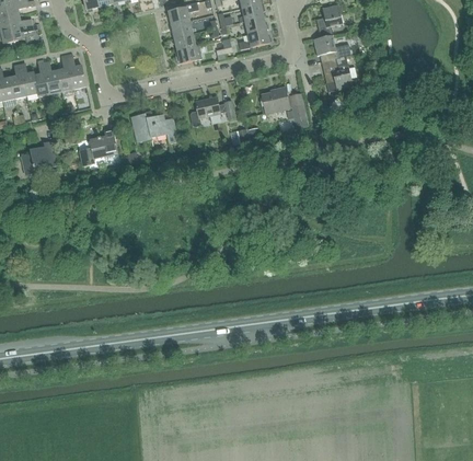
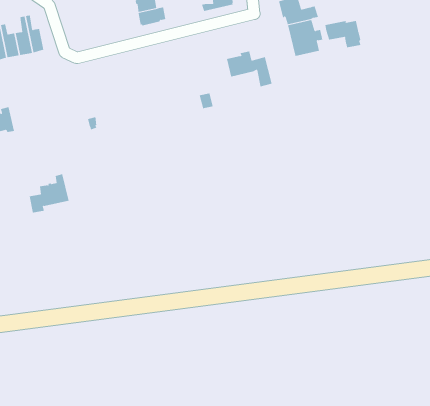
building: none -> [325,20,361,48]
building: [189,97,234,126] -> none
building: [131,112,177,143] -> none
building: [79,127,118,165] -> [29,174,70,213]

